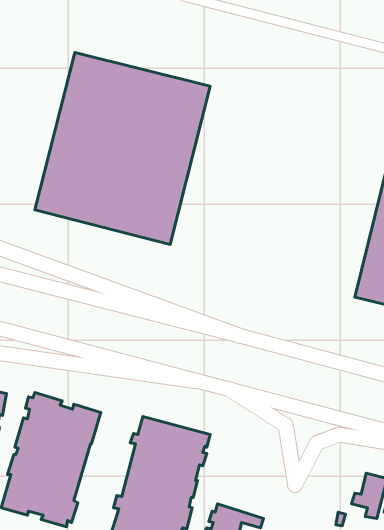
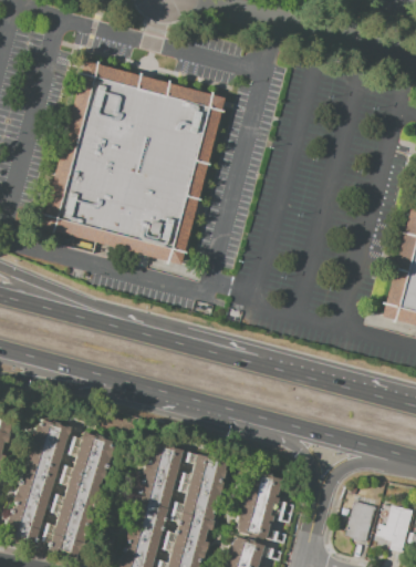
building: none -> [237,470,282,540]
building: none -> [346,501,377,543]

